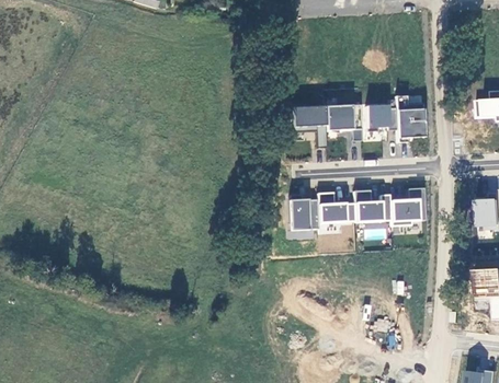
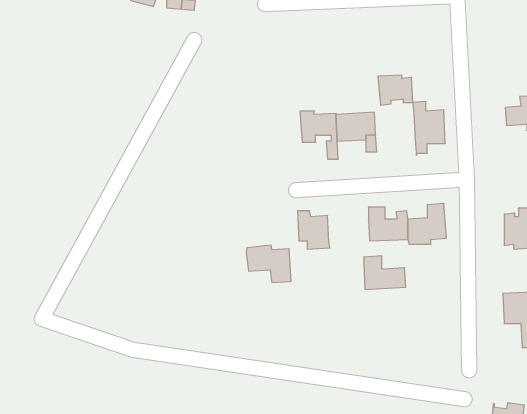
building: [364,104,396,131] -> [378,75,413,105]
building: [316,192,354,222] -> [364,256,406,289]
building: none -> [246,245,291,283]

